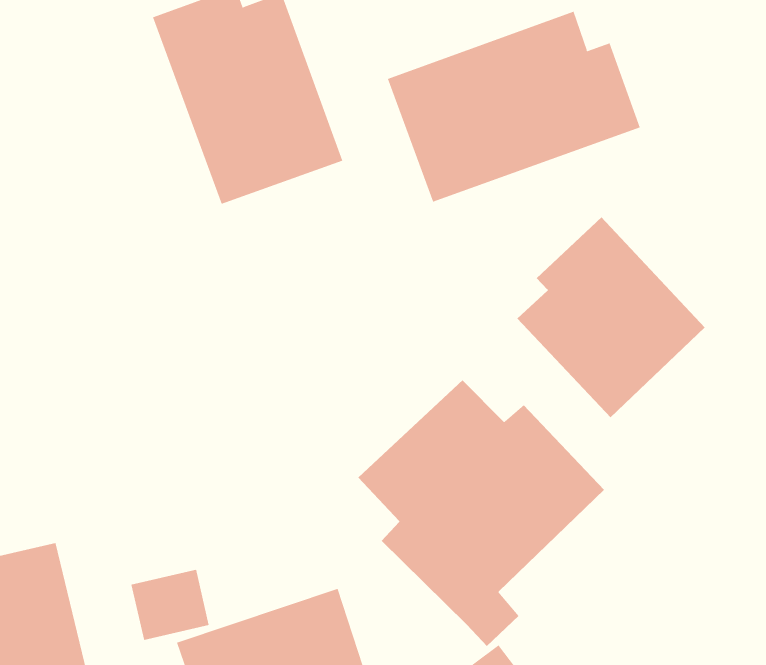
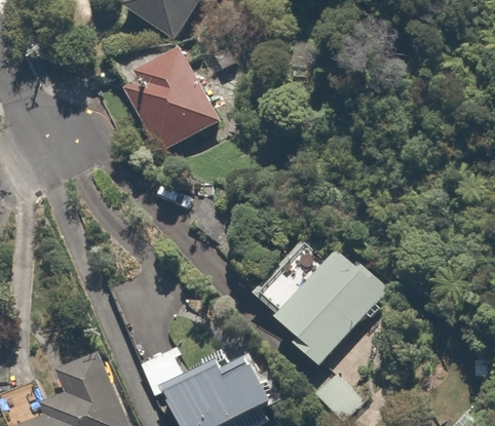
building: [387,11,640,202] -> none
building: [516,217,705,418] -> none

